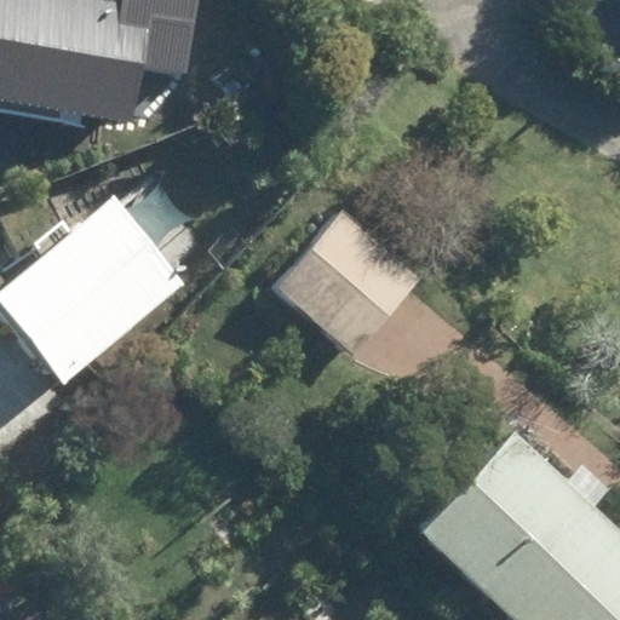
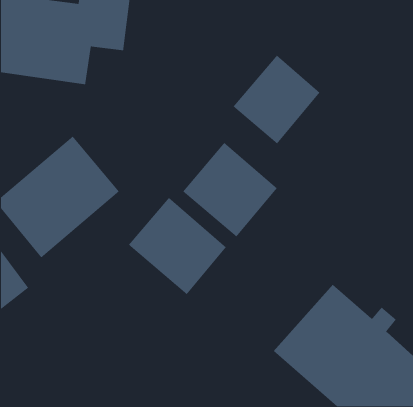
building: none -> [233,55,321,144]
building: none -> [128,197,227,295]

